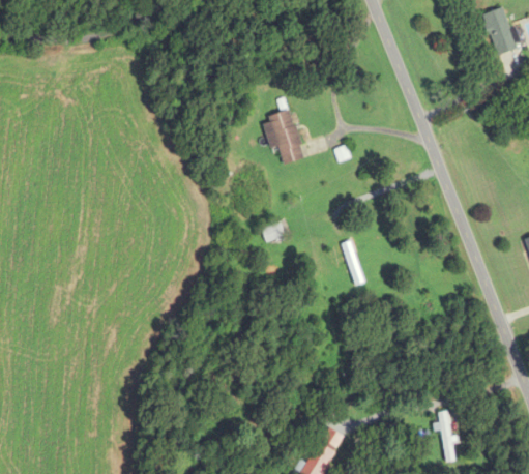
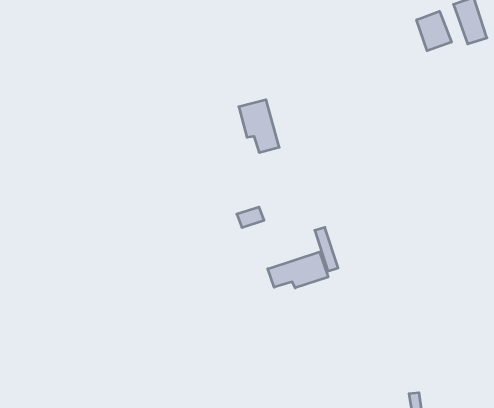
building: none -> [417,11,451,51]
building: none -> [268,252,328,288]

